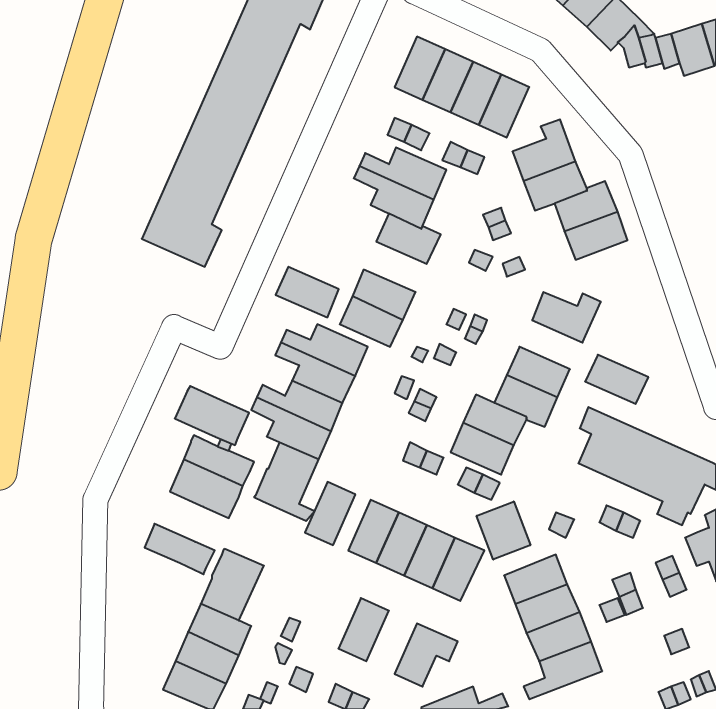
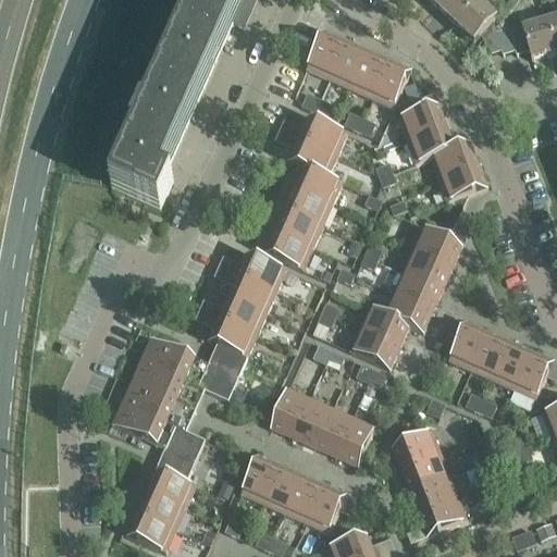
building: [276,267,339,317] -> [282,187,331,226]
building: [585,355,648,404] -> [403,248,451,286]
building: [175,386,249,445] -> [120,381,177,426]
building: [305,482,355,545] -> [240,454,280,503]
building: [477,501,530,560] -> none
building: none -> [284,473,323,522]

